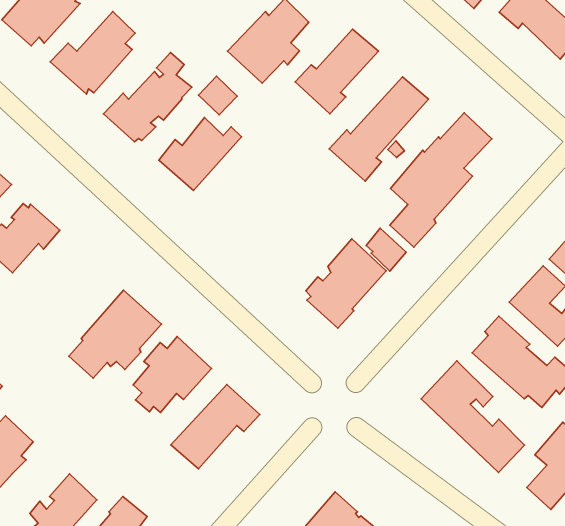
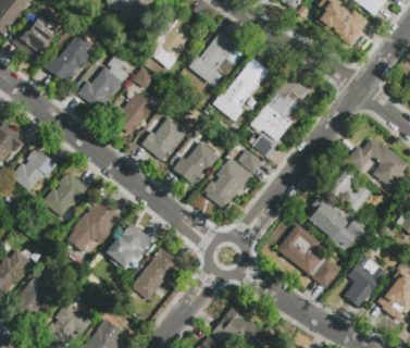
building: none -> [140,116,187,160]
building: none -> [173,141,220,184]
building: none -> [42,174,90,221]

